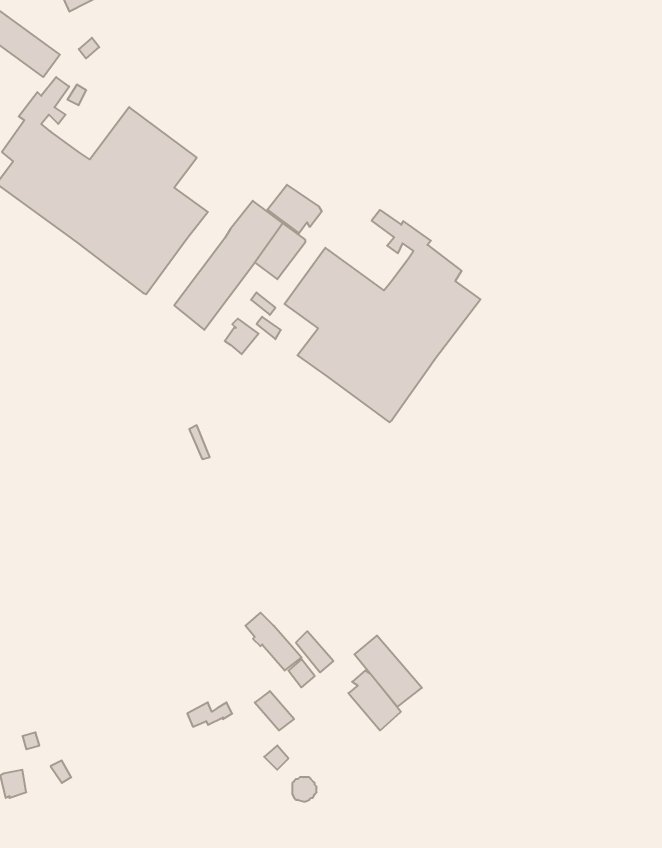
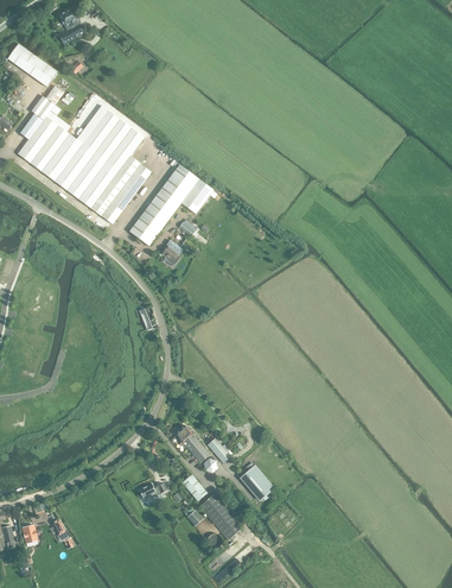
building: [267,185,322,233] -> none
building: [285,210,480,422] -> none
building: [354,636,422,707] -> [199,494,242,539]

